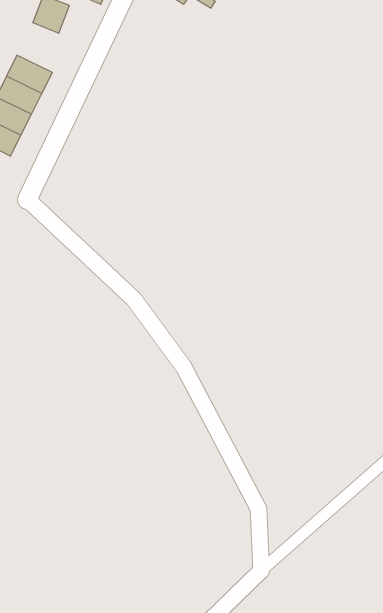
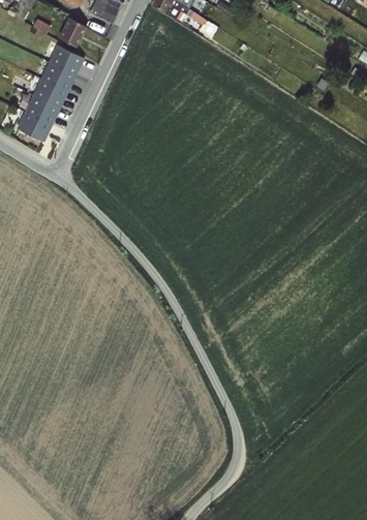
building: none -> [48,44,84,74]

